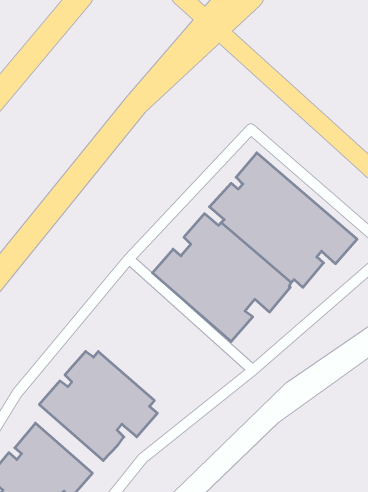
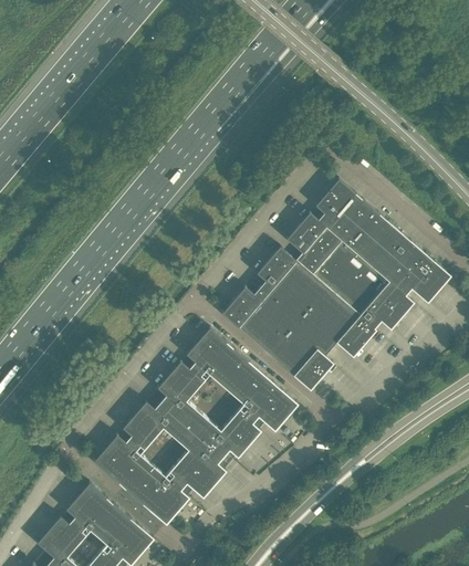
building: none -> [157,328,299,459]

